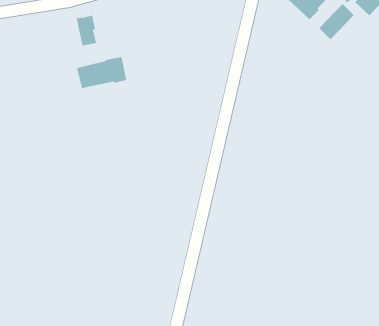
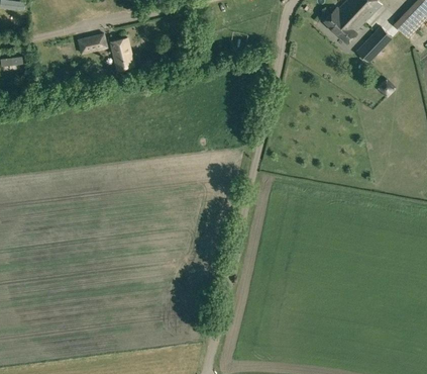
building: none -> [78,32,109,55]
building: [77,56,127,89] -> none

